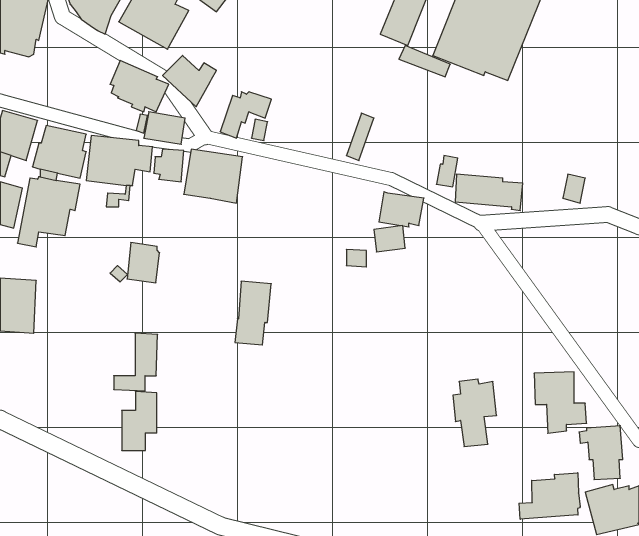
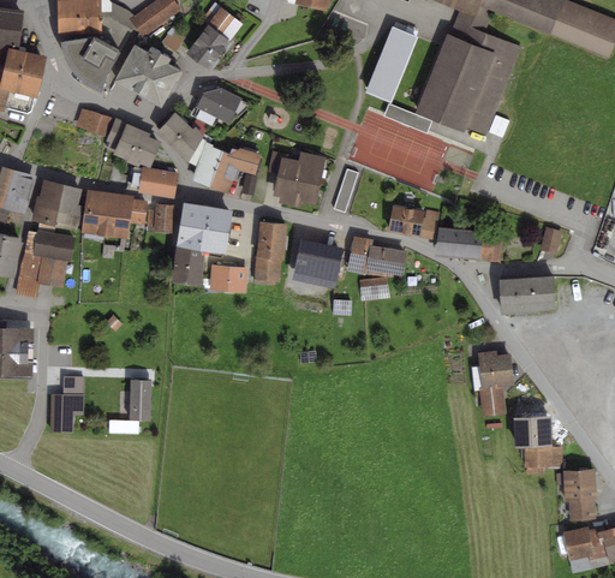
building: none -> [191,87,250,124]
building: none -> [76,107,112,135]
building: none -> [189,137,223,185]
building: none -> [269,150,327,207]
building: none -> [388,204,424,236]
building: none -> [348,236,374,272]
building: none -> [293,239,344,287]
building: none -> [210,263,247,291]
building: none -> [500,275,556,315]
building: [127,243,160,283] -> [173,245,204,284]
building: [235,281,271,345] -> [253,220,288,281]
building: [453,379,497,447] -> [472,350,514,415]
building: [122,392,157,450] -> [50,375,84,431]
building: [519,473,580,519] -> none

